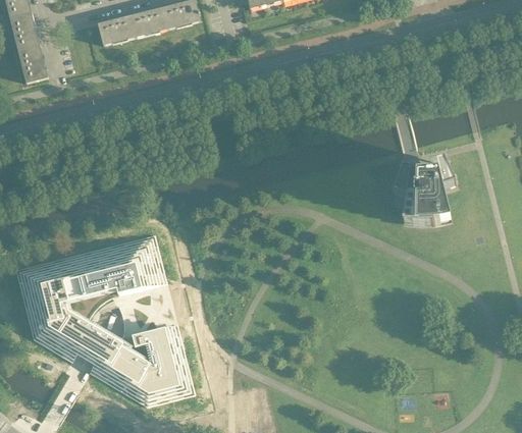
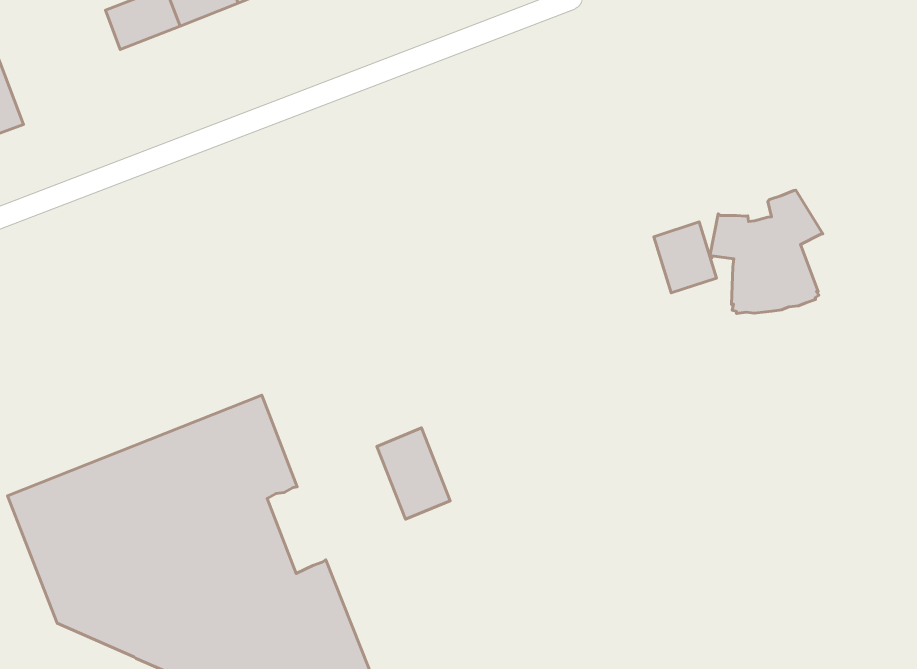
building: none -> [654,222,717,293]
building: none -> [377,428,450,519]

